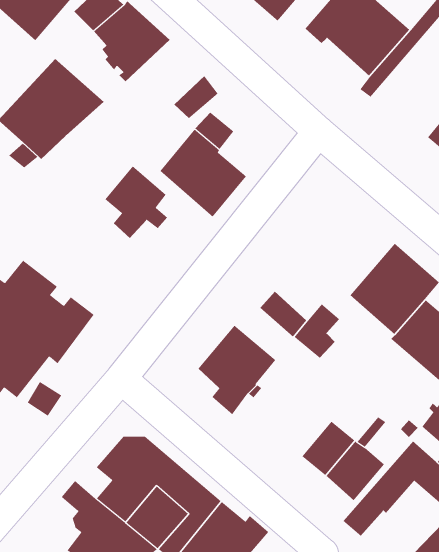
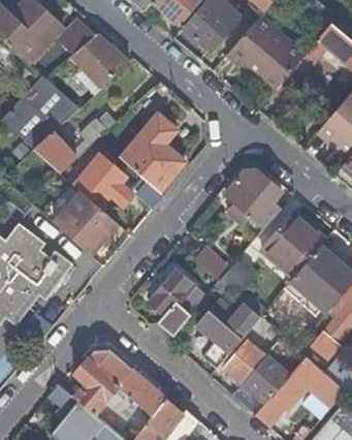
building: none -> [33,119,106,175]
building: none -> [224,172,280,228]
building: none -> [44,183,119,255]
building: none -> [196,298,259,370]

